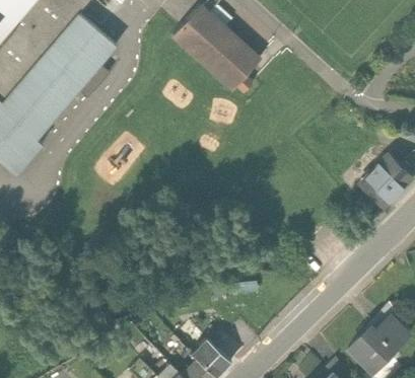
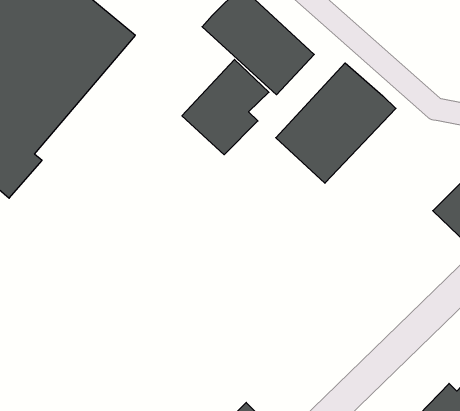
building: none -> [182,59,269,155]
building: none -> [276,63,396,183]

